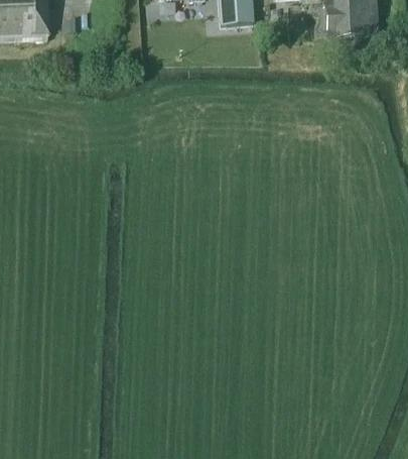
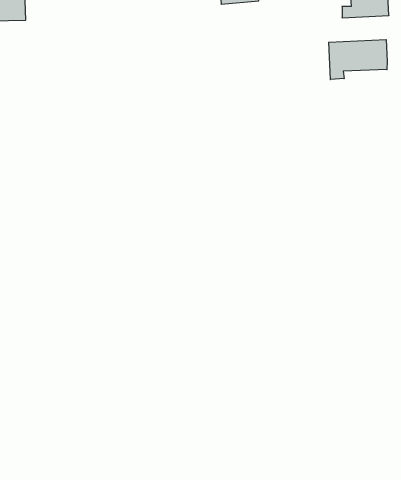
building: none -> [329,40,387,80]

